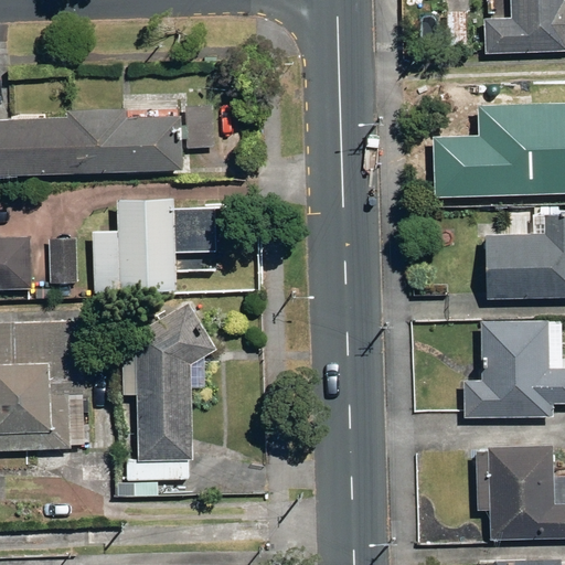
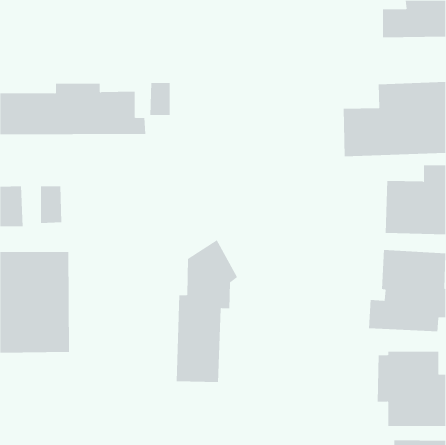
building: [92,198,222,291] -> none
building: [136,301,214,481] -> [176,240,238,382]

